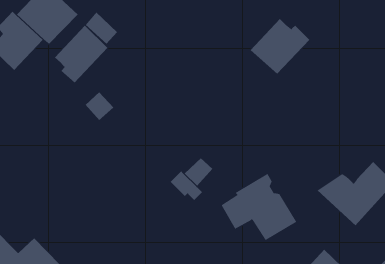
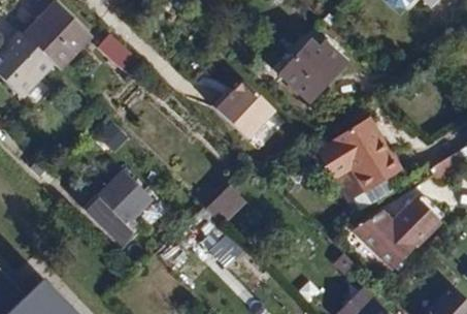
building: [54,25,108,84] -> none
building: none -> [213,81,275,139]
building: none -> [93,169,153,240]
building: [221,173,297,241] -> [316,117,400,191]

